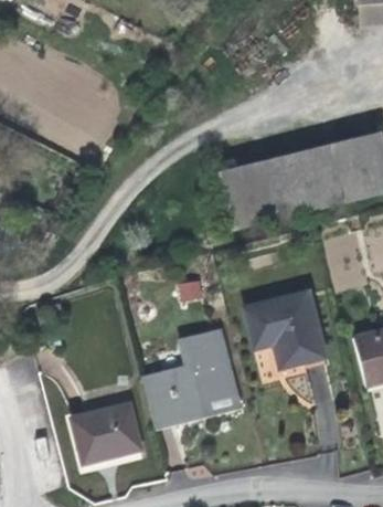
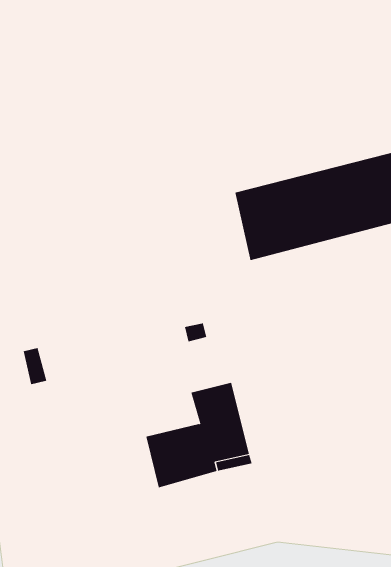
building: [242,291,326,367] -> none
building: [70,402,141,464] -> none

